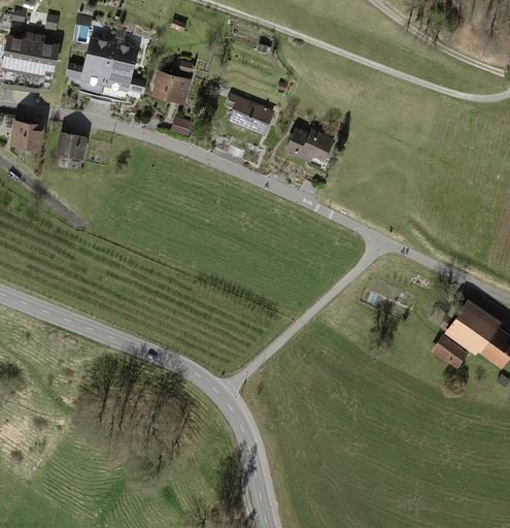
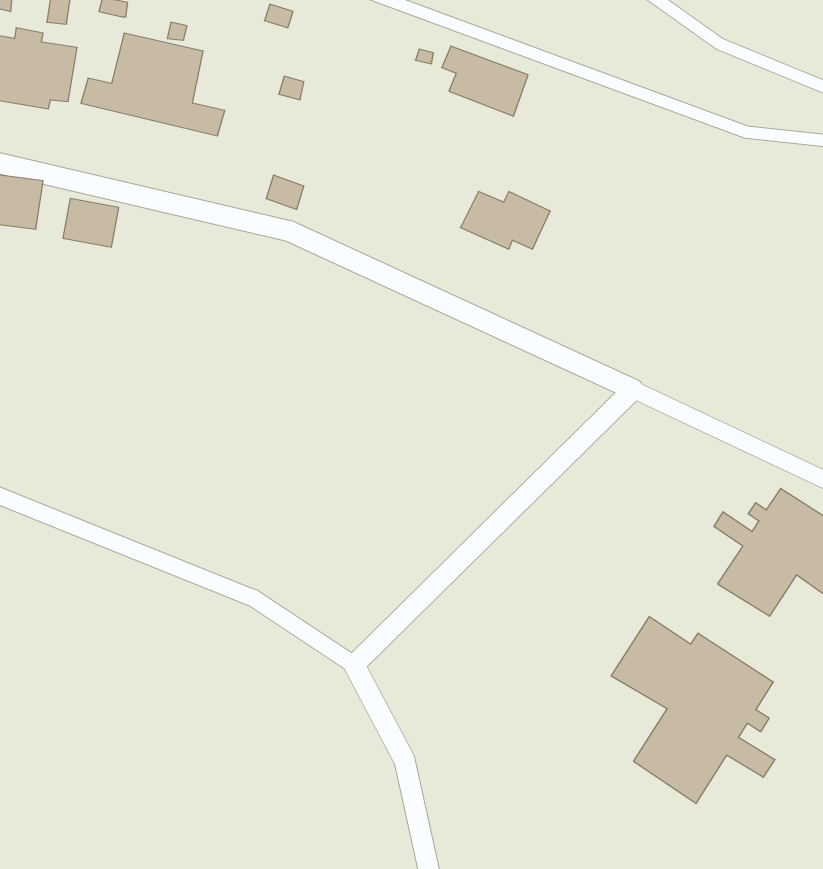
building: [149,70,191,105] -> none
building: [224,94,273,134] -> [442,46,528,116]
building: none -> [611,617,775,804]

